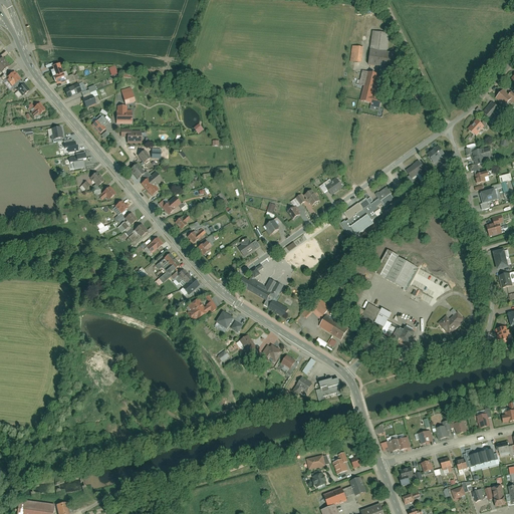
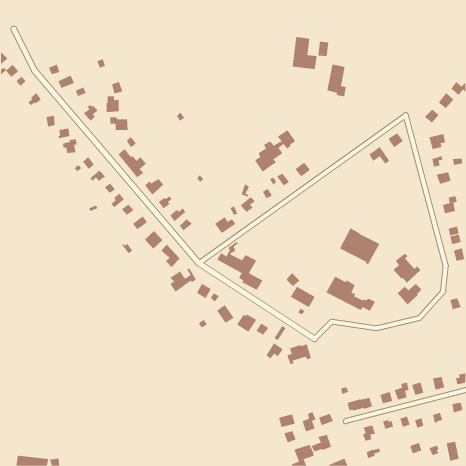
building: [369,31,398,67] -> [292,37,317,69]
building: [348,186,395,233] -> [254,129,296,172]
building: none -> [392,253,421,283]

